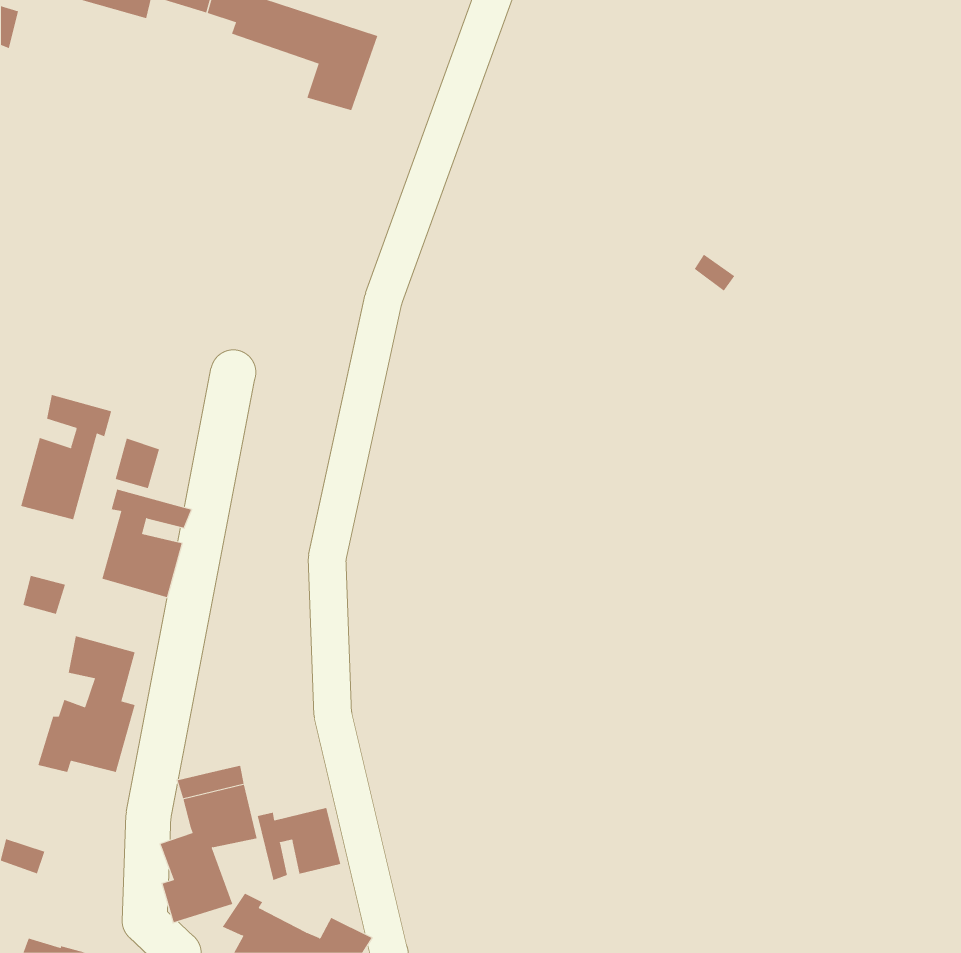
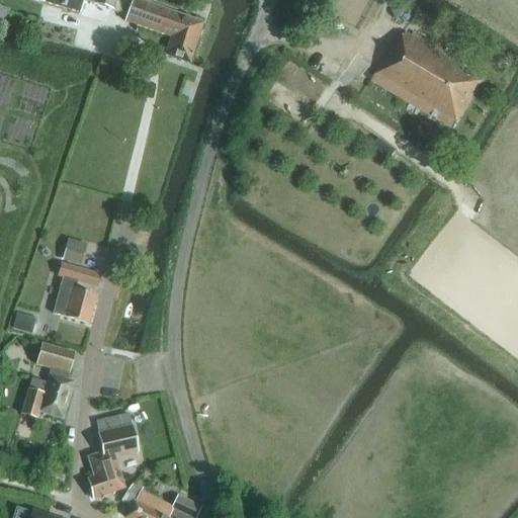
building: none -> [371,30,483,126]
building: [20,394,112,520] -> none
building: [257,807,341,881] -> none

